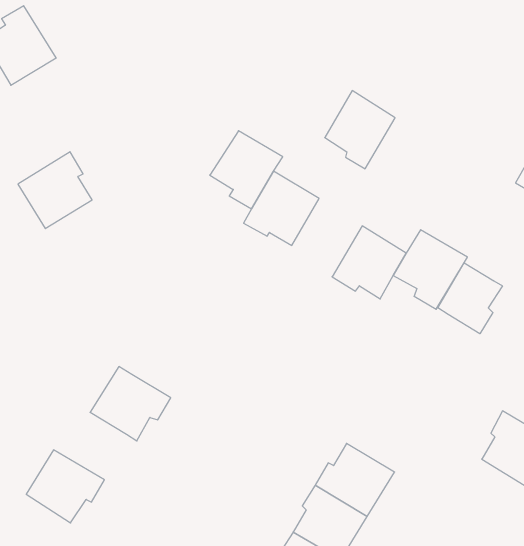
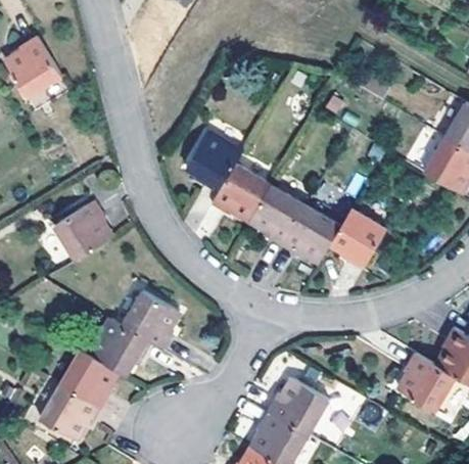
building: [325,91,395,169] -> [248,185,303,246]
building: [18,152,92,229] -> [53,199,111,260]
building: [438,263,502,334] -> none
building: none -> [123,288,181,347]
building: none -> [61,347,119,406]

